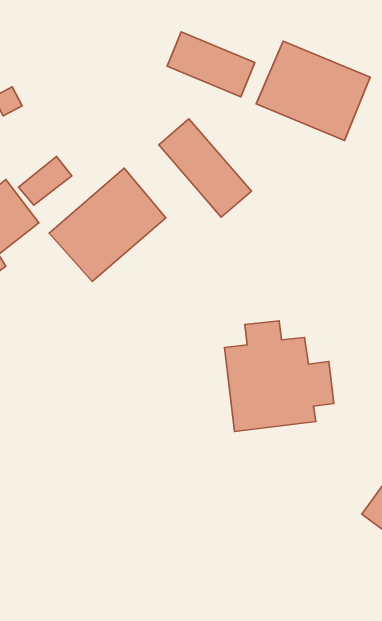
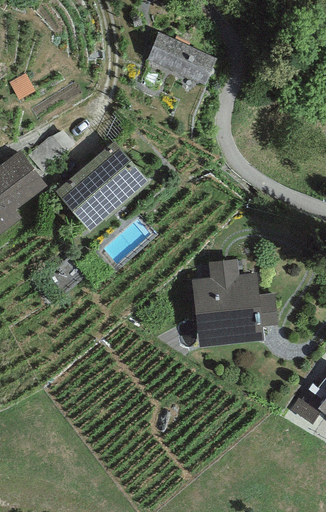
building: [256,41,370,141] -> none
building: [159,119,251,217] -> none

